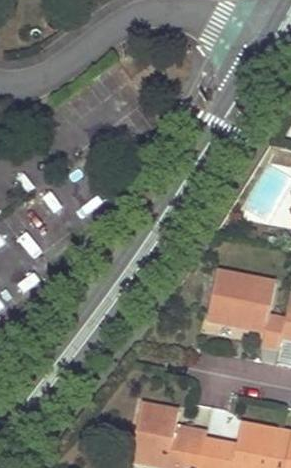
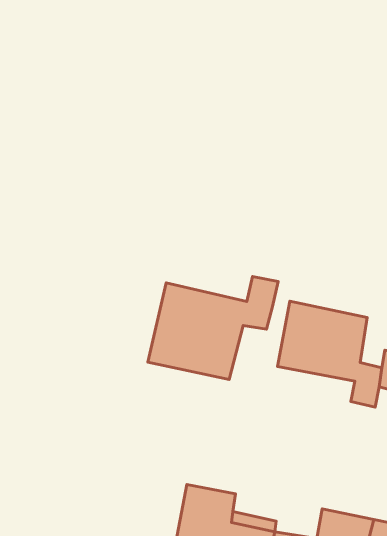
building: none -> [148,276,278,379]

